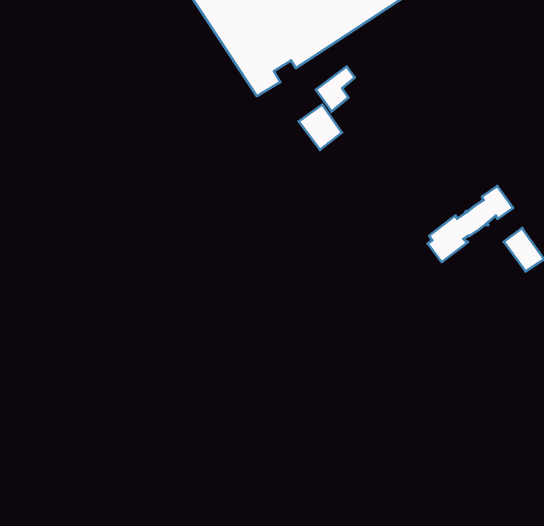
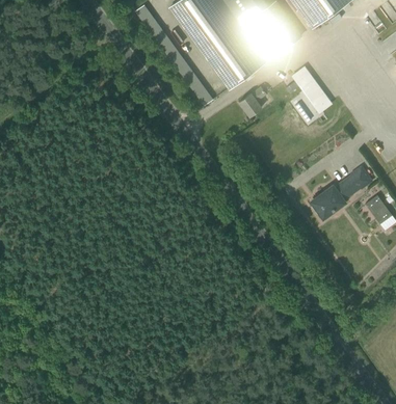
building: none -> [294,66,327,106]
building: [299,105,342,150] -> none

